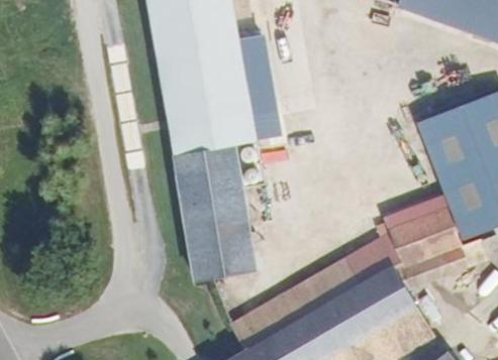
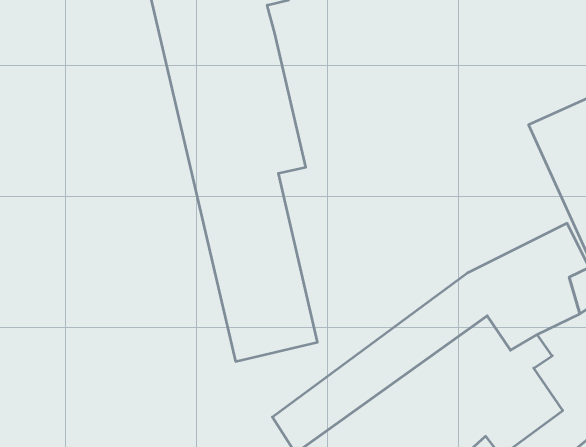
building: [239,39,277,142] -> none

